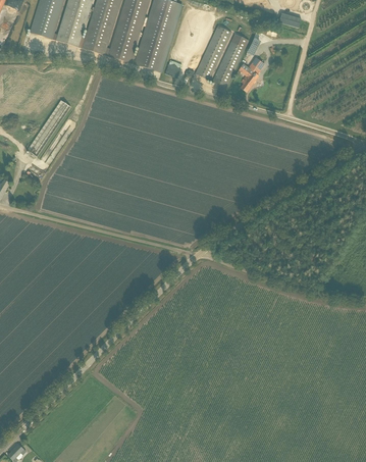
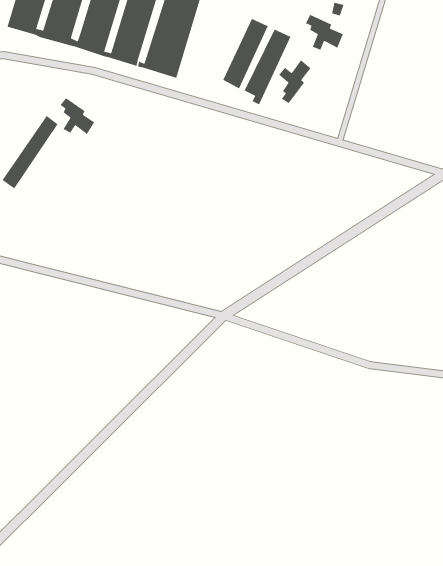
building: none -> [305,14,344,51]
building: none -> [60,97,95,135]

